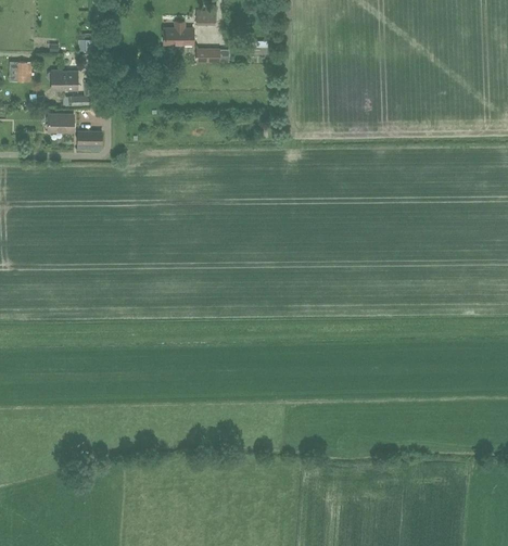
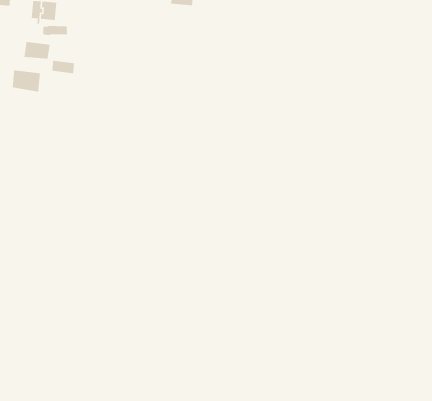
building: none -> [12,69,41,92]

